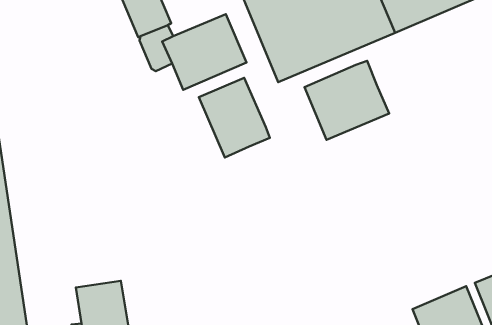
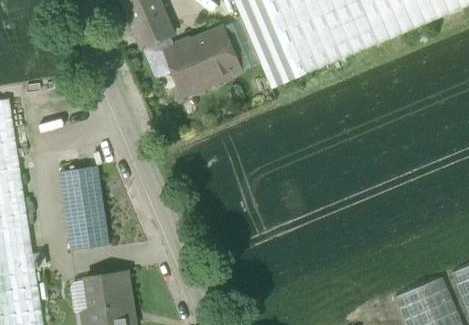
building: [304,61,389,140] -> none
building: [199,78,270,157] -> none
building: none -> [59,166,109,251]

